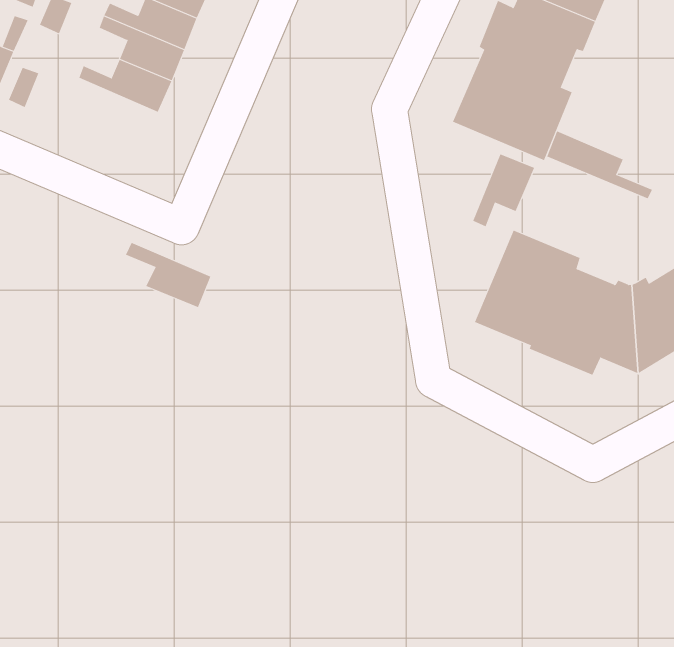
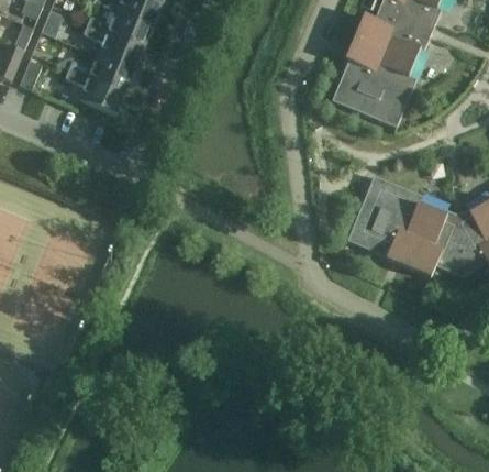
building: [547,130,653,199] -> none
building: [473,154,535,227] -> none
building: [125,242,211,308] -> [64,68,124,114]

